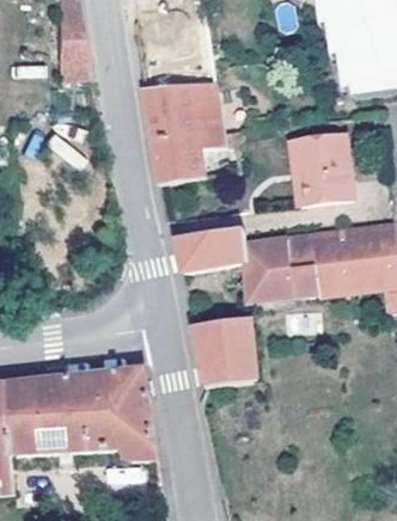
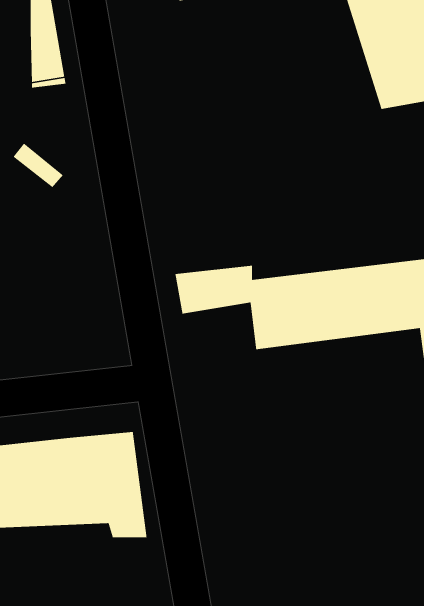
building: [143,80,226,183] -> none
building: [285,136,350,208] -> none
building: [195,318,256,386] -> none

